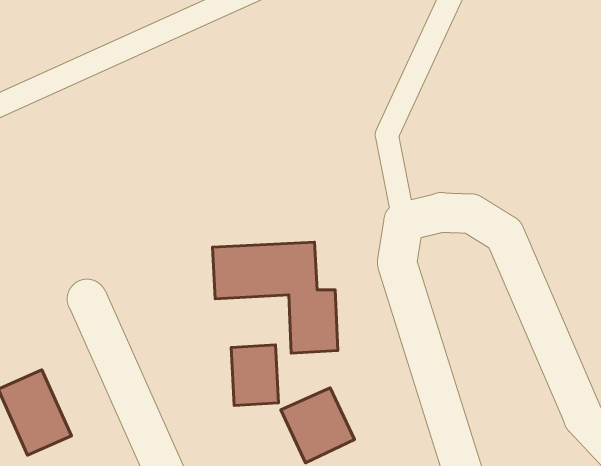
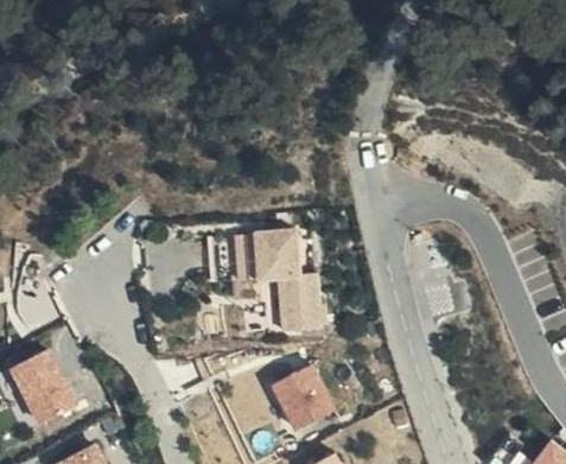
building: [231,345,278,405] -> none

